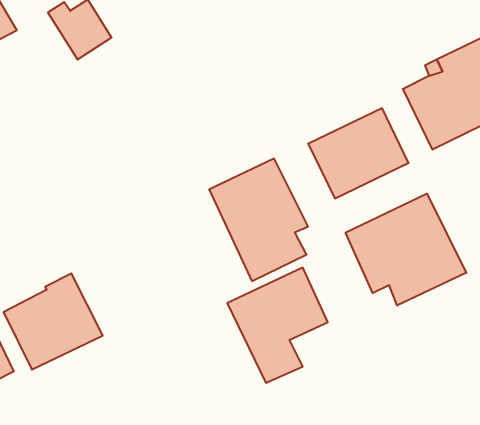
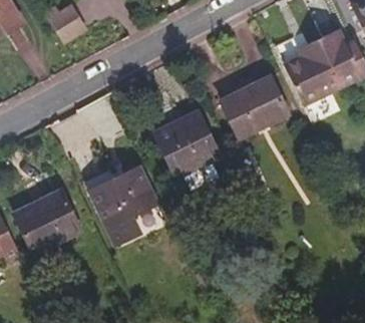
building: [346,194,466,306] -> none
building: [227,268,328,383] -> [89,165,157,243]

